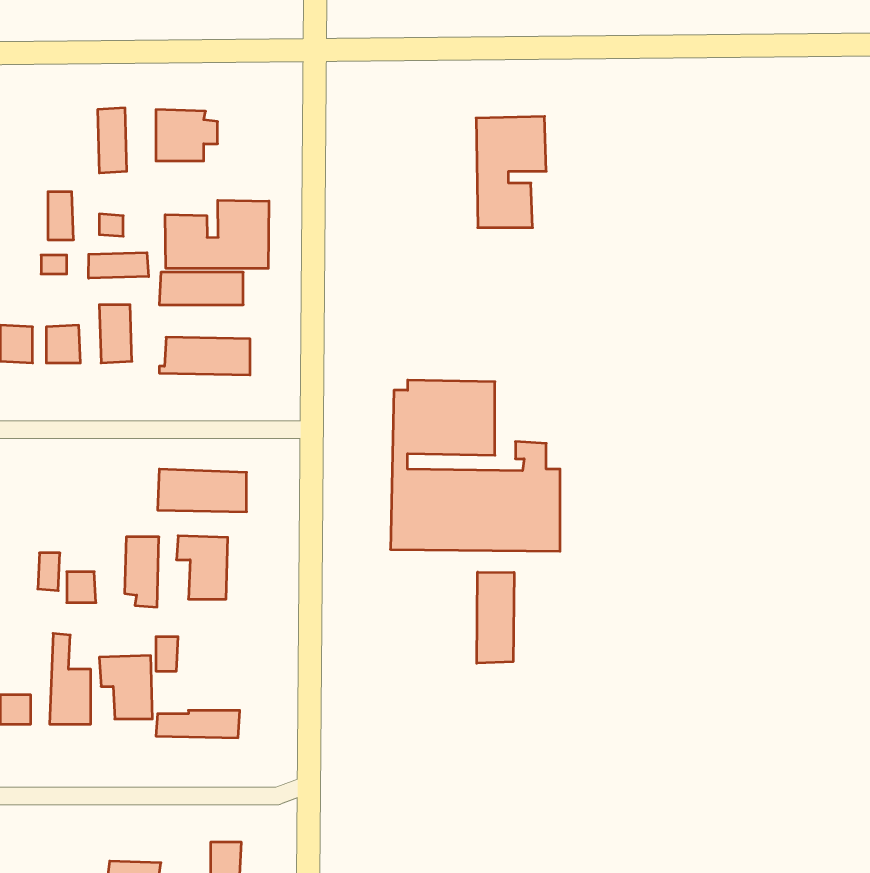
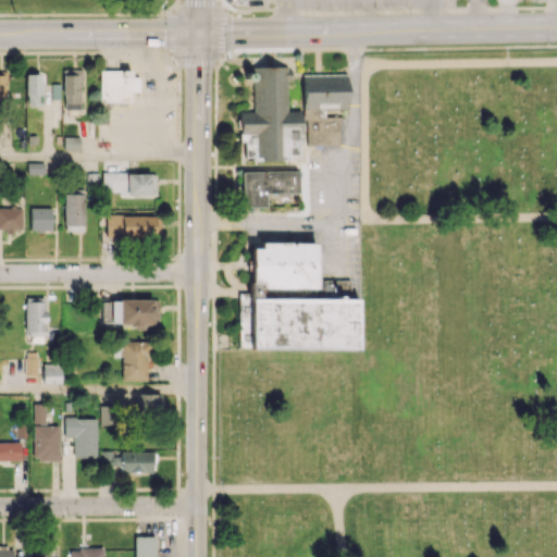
building: none -> [242,67,302,161]
building: [48,192,74,240] -> [28,75,45,106]
building: [165,200,269,268] -> none
building: [89,253,149,278] -> none
building: none -> [245,172,299,208]
building: [125,537,159,607] -> [27,299,49,344]
building: [477,572,514,663] -> none
building: none -> [138,394,163,414]

